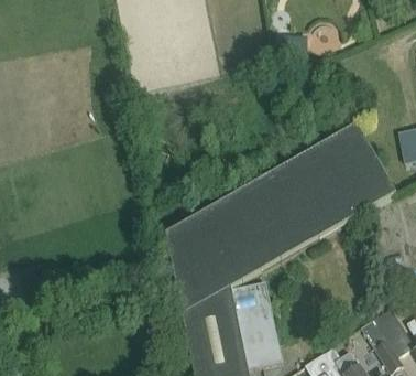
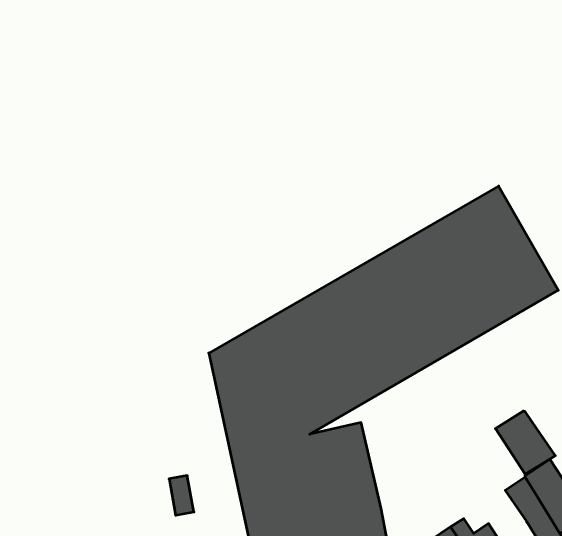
building: none -> [495,411,555,474]

